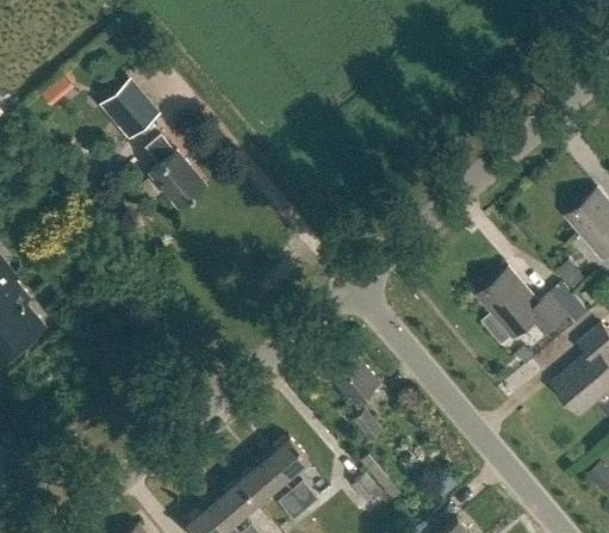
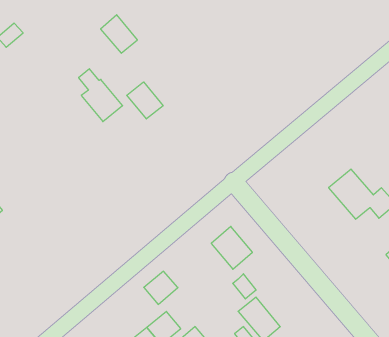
building: [107,82,156,134] -> [101,15,137,53]
building: none -> [127,82,163,119]
building: [263,438,309,482] -> [144,271,178,304]

